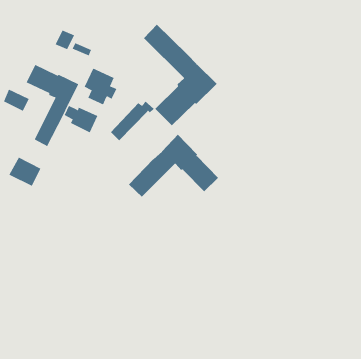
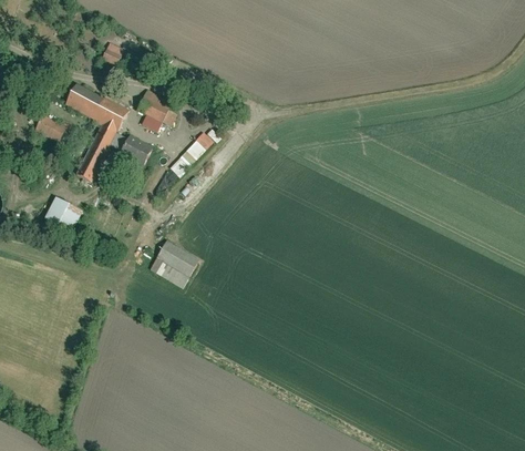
building: [143,24,218,126] -> none
building: [128,134,219,198] -> none
building: none -> [148,239,199,288]

